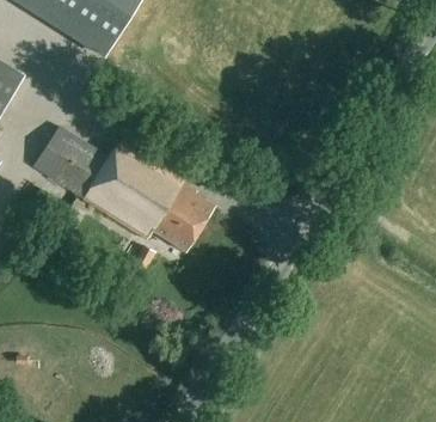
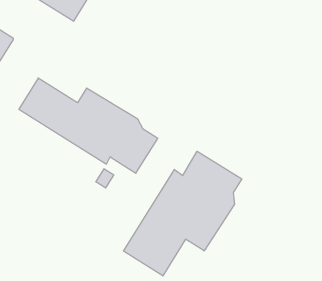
building: none -> [124,151,242,276]

